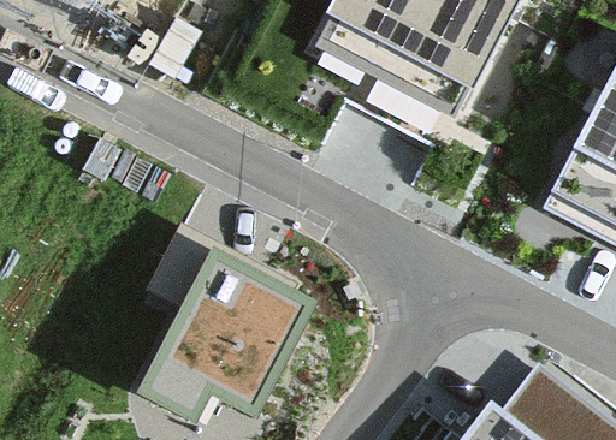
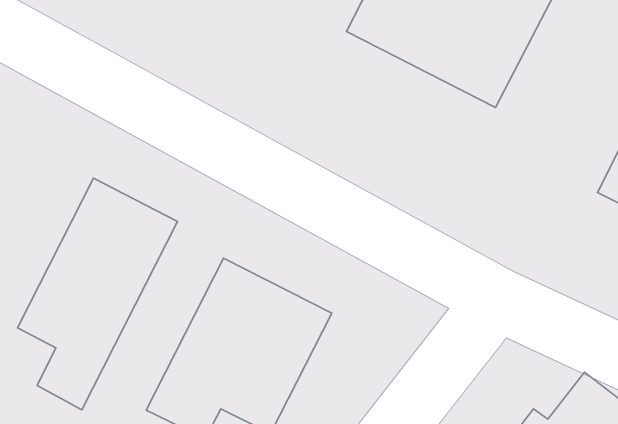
building: none -> [18,178,178,410]

